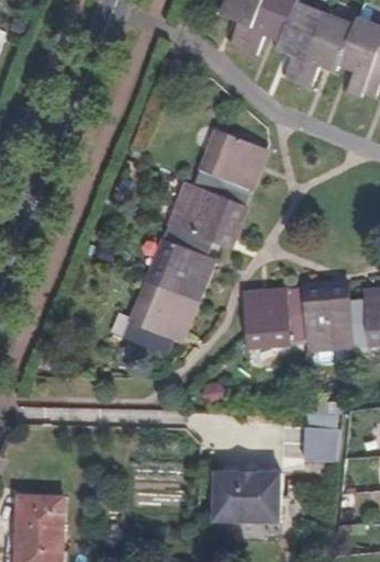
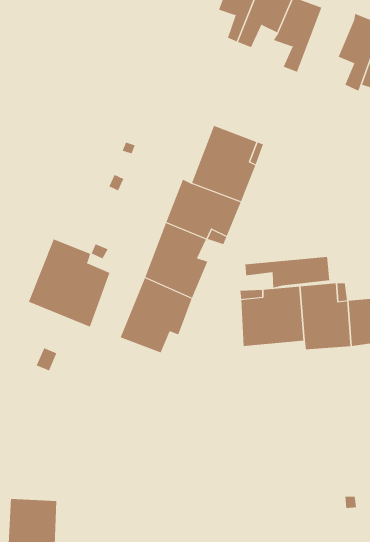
building: [299,13,354,82] -> none
building: none -> [28,238,110,327]
building: none -> [245,256,330,289]
building: [310,427,344,461] -> none
building: [212,474,279,524] -> none

